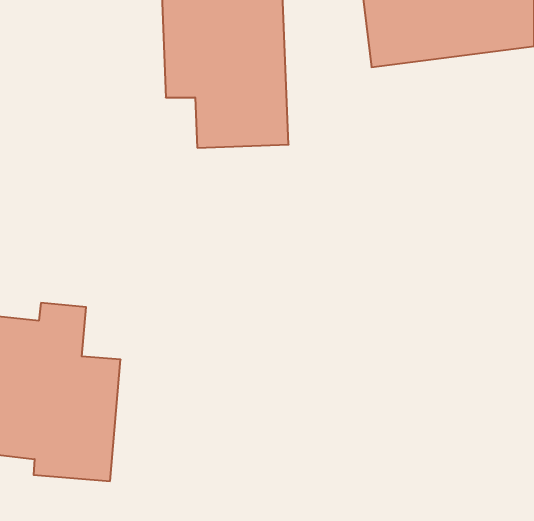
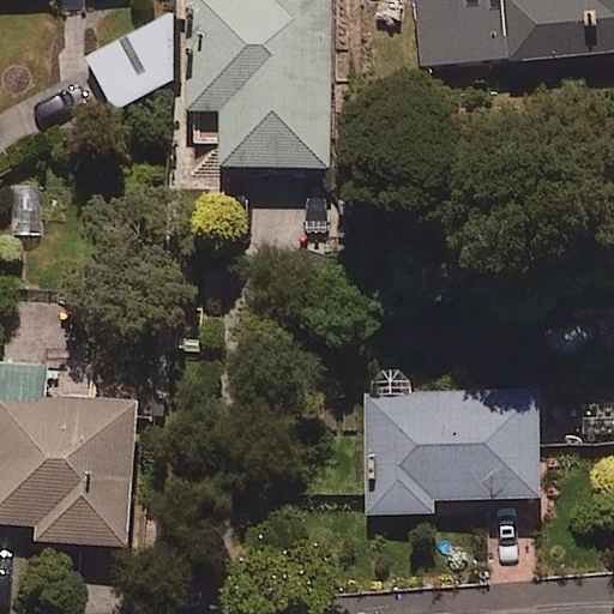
building: none -> [85,6,173,106]
building: none -> [365,390,541,514]

